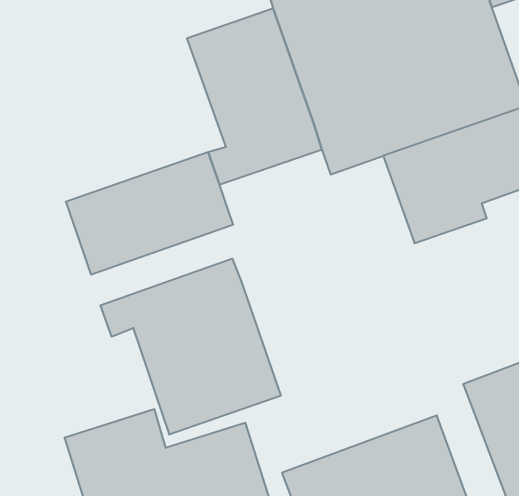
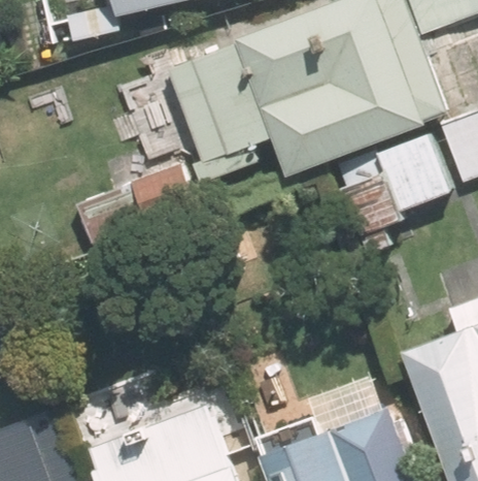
building: [101,259,281,435] -> none

